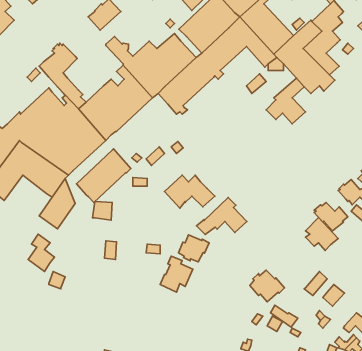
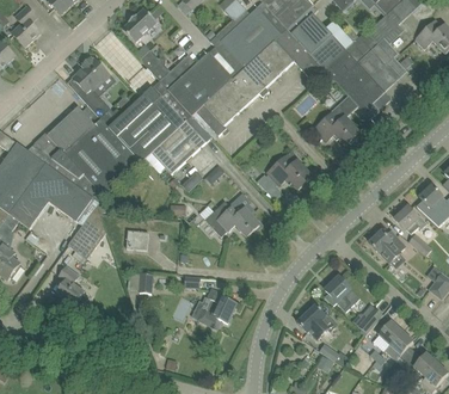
building: [76,149,131,202] -> [152,115,211,173]
building: [197,198,247,235] -> [256,149,310,190]
building: [305,218,338,250] -> [324,275,359,310]
building: [178,235,209,262] -> none
building: none -> [383,330,414,365]

